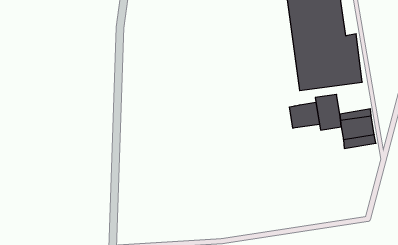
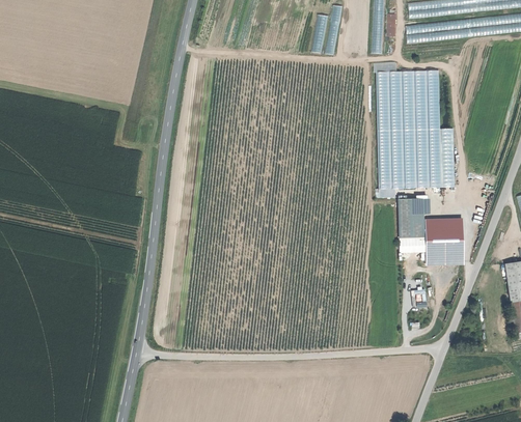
building: [290,102,319,128] -> none

